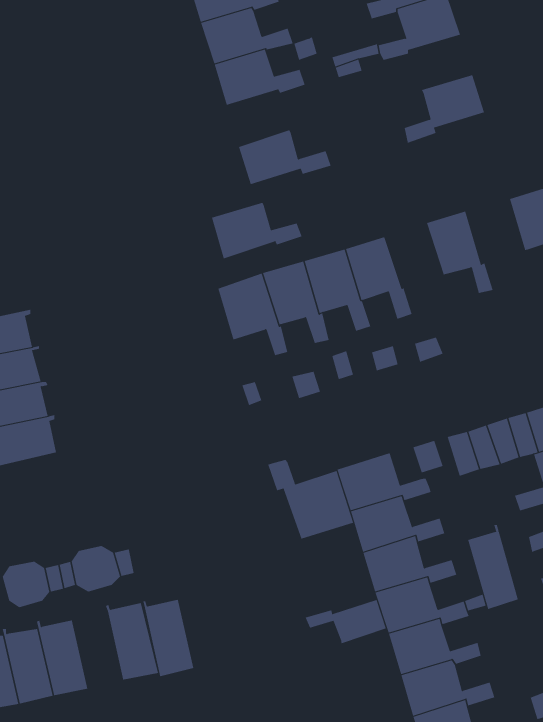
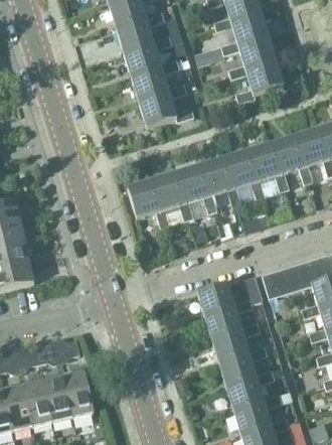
building: none -> [228,39,277,79]
building: none -> [273,135,313,183]
building: [211,202,302,259] -> [133,71,186,105]
building: none -> [225,149,265,197]
building: [268,459,354,540] -> none
building: [467,524,519,610] -> none
building: [305,599,387,644] -> none
building: [142,599,194,677] -> [42,376,72,421]

